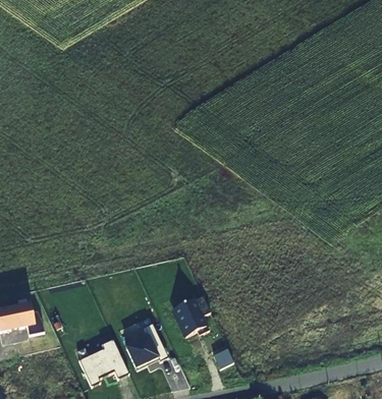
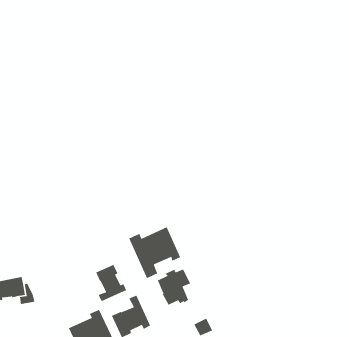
building: none -> [128,226,181,279]
building: none -> [95,264,127,302]

